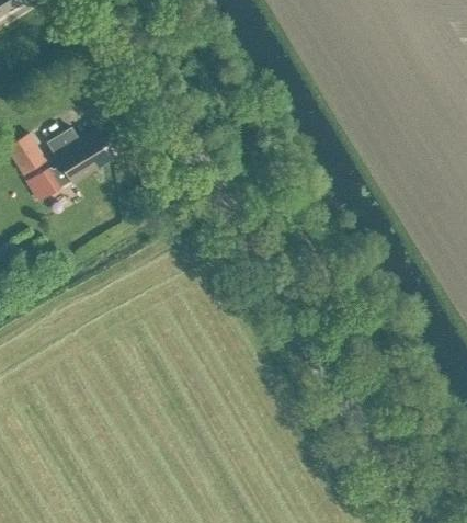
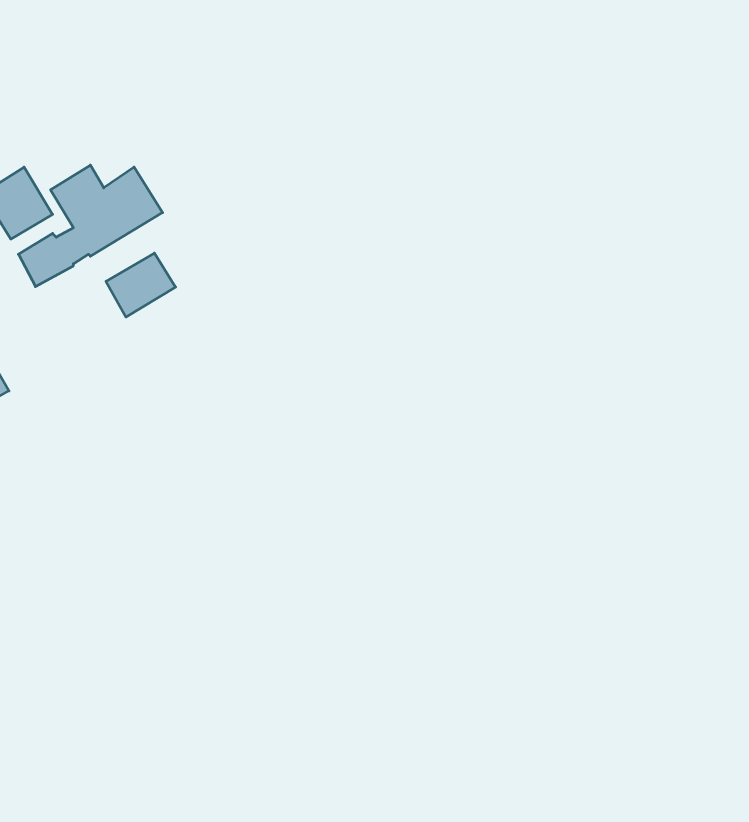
building: none -> [106,253,176,317]

